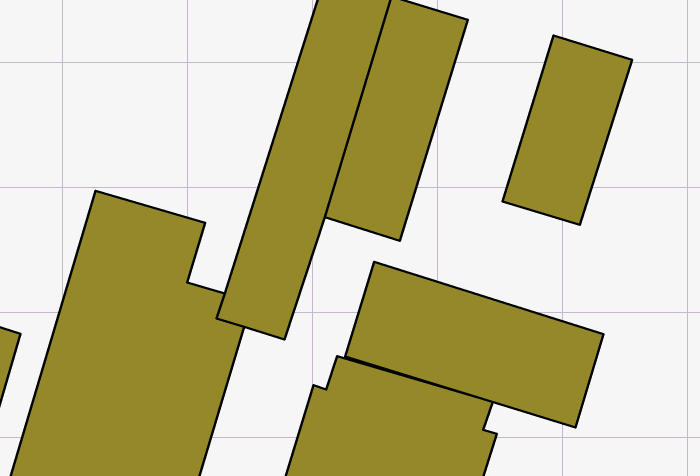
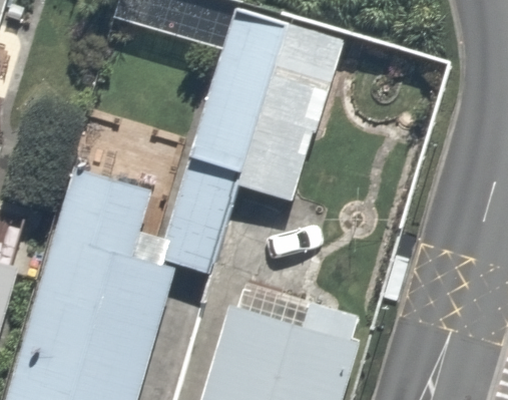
building: [503,36,632,225] -> none
building: [345,262,604,427] -> none

